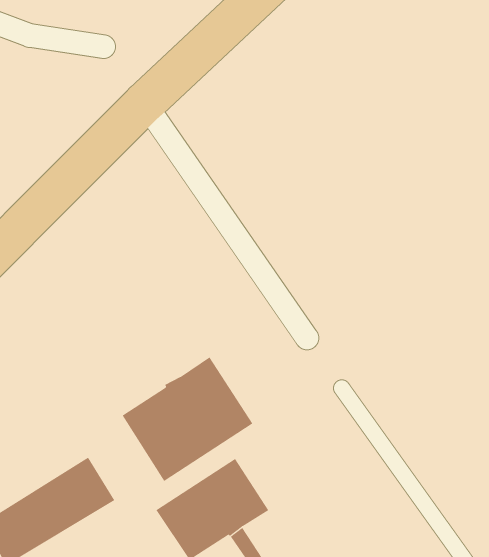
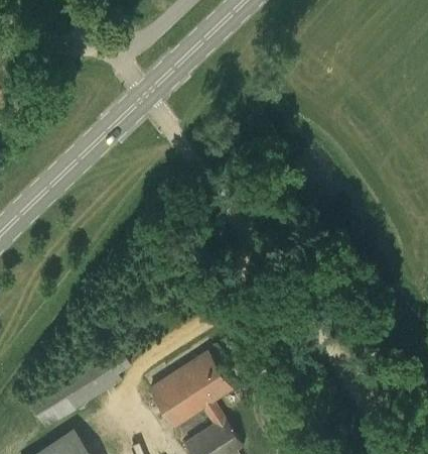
building: [122,357,253,482] -> none

